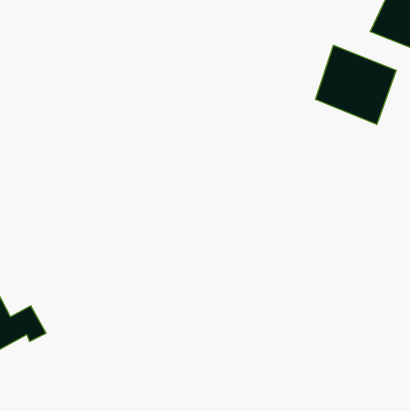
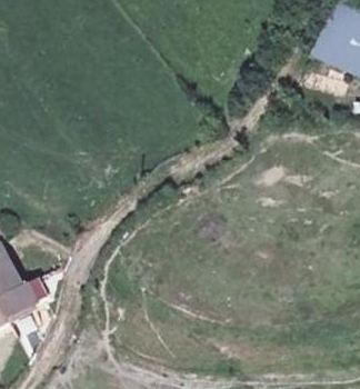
building: [316,45,396,125] -> none

